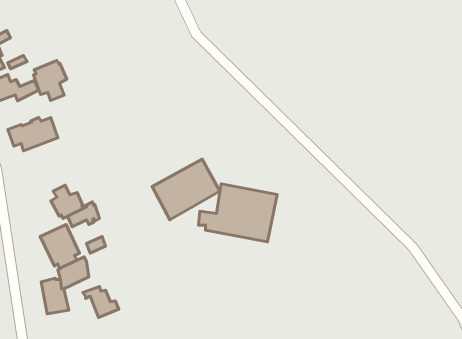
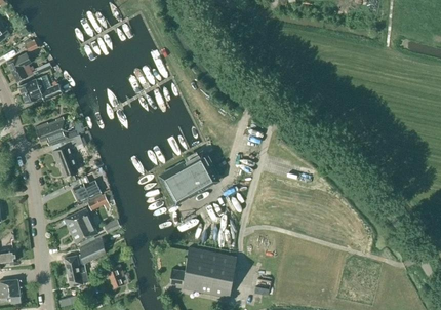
building: [33,60,67,100] -> none
building: none -> [53,134,82,176]
building: [199,184,277,242] -> [169,247,237,298]

